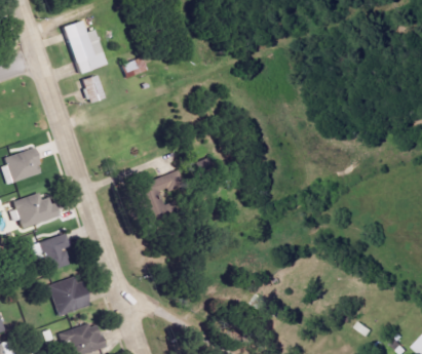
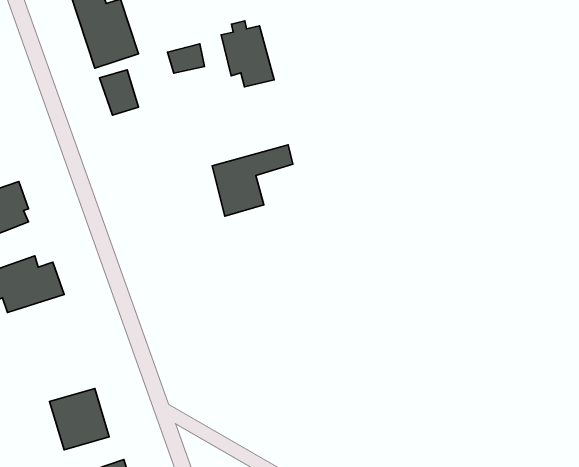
building: none -> [221,21,274,87]
building: [135,172,186,218] -> [212,145,293,216]
building: [35,231,68,271] -> none

